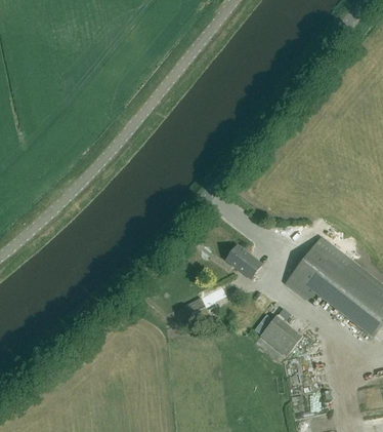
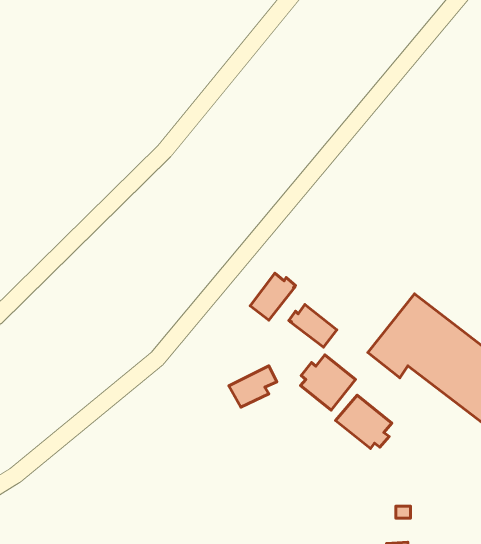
building: none -> [250,273,296,320]
building: none -> [301,355,355,410]

